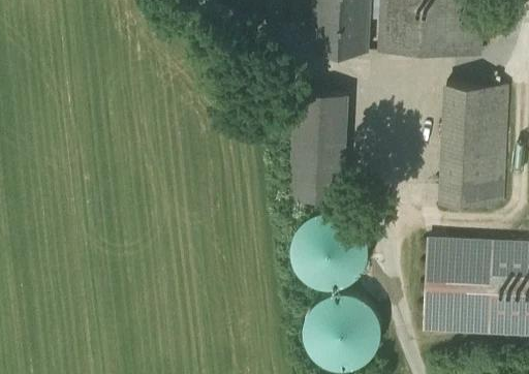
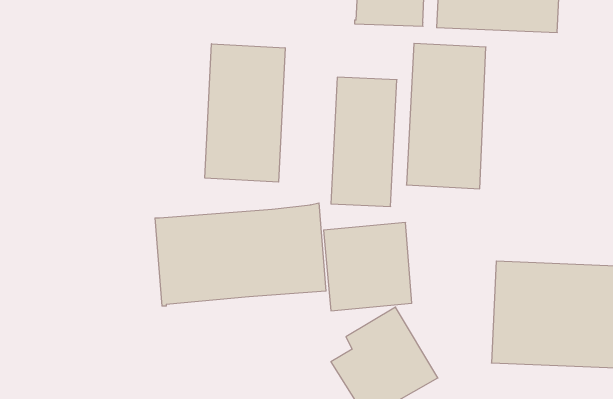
building: none -> [205,44,285,182]
building: [441,86,507,207] -> [406,43,486,189]
building: none -> [155,203,326,306]

